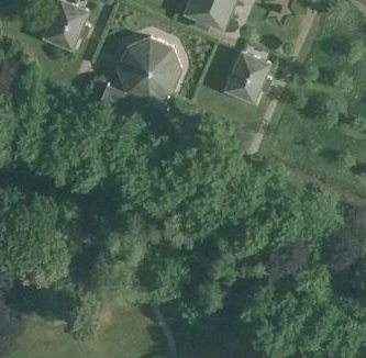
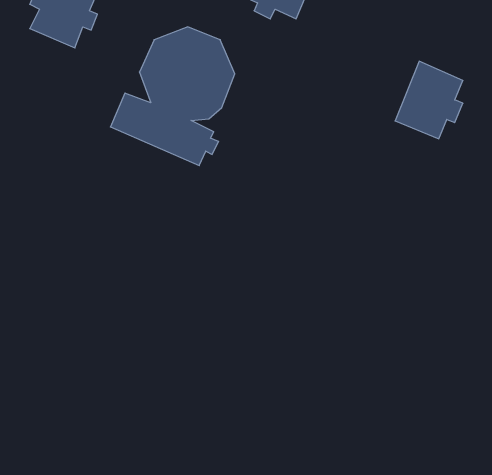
building: [225,52,271,104] -> [395,61,463,139]

